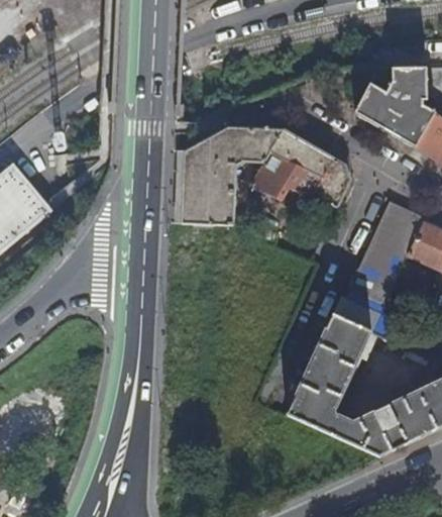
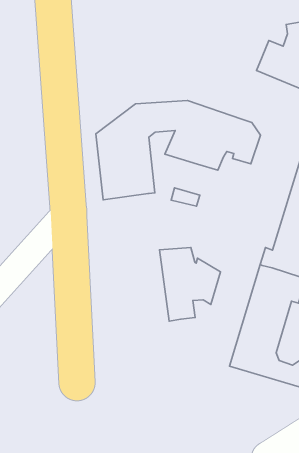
building: none -> [159,248,220,321]

